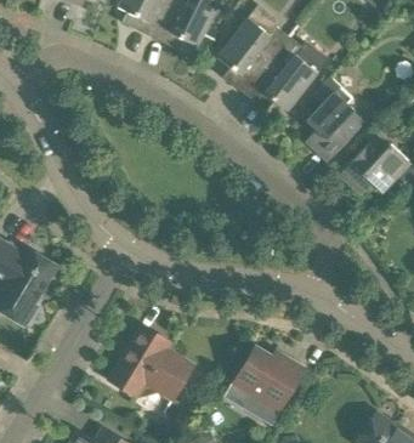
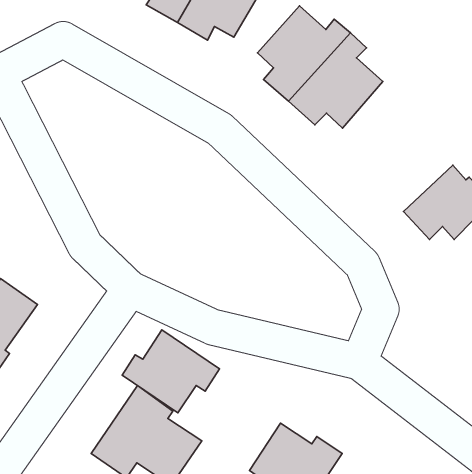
building: [306,78,364,161] -> none
building: none -> [122,330,220,413]

